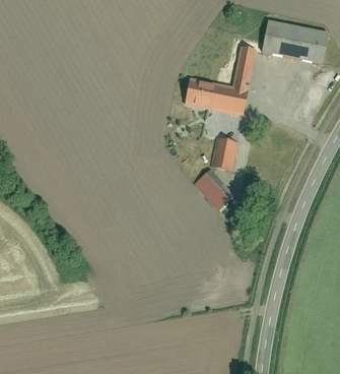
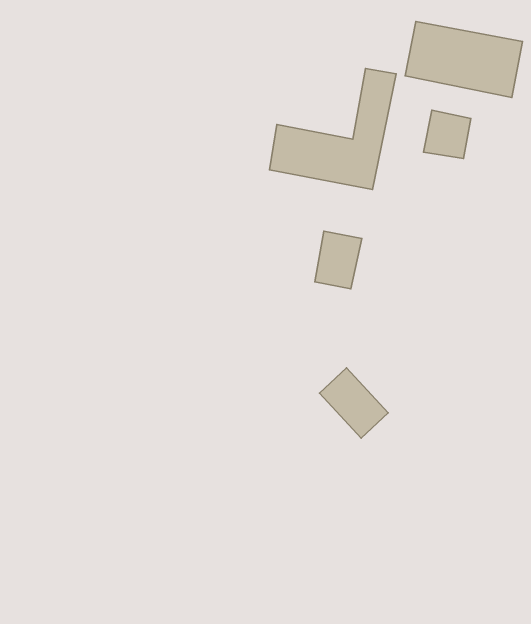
building: none -> [424,110,471,159]
building: [195,169,233,208] -> [320,368,388,438]

